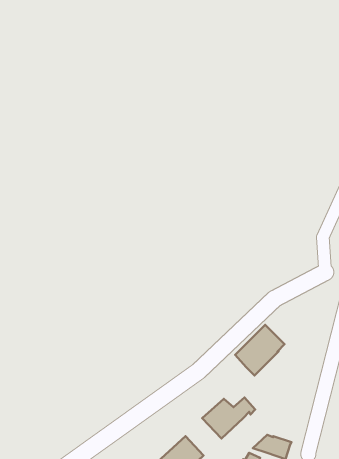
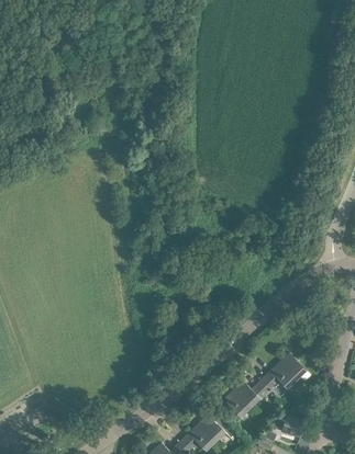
building: [235,325,285,375] -> [260,352,306,398]

